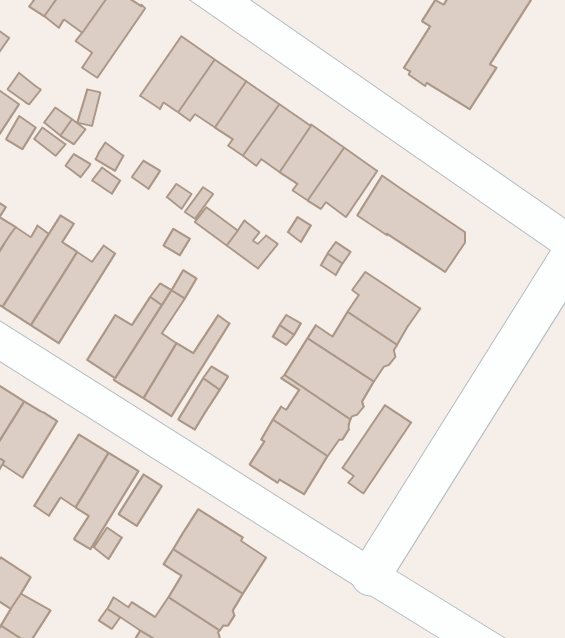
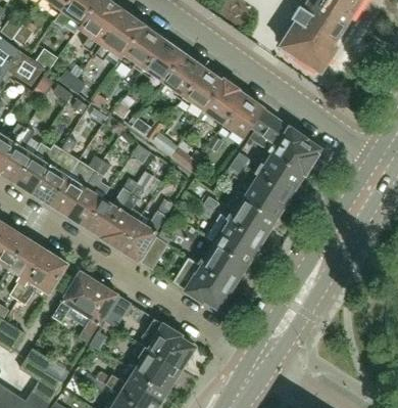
building: none -> [95,10,144,65]
building: none -> [257,147,306,193]
building: none -> [68,160,110,225]
building: [342,405,411,493] -> none

